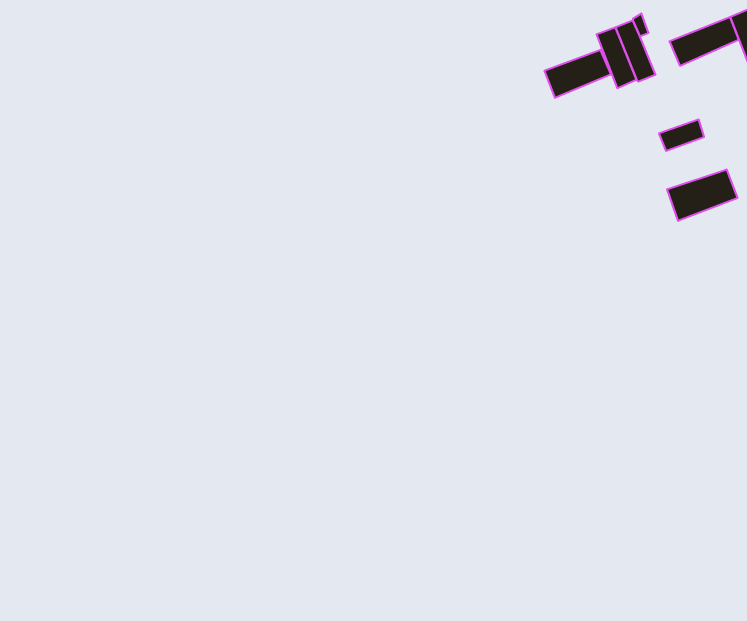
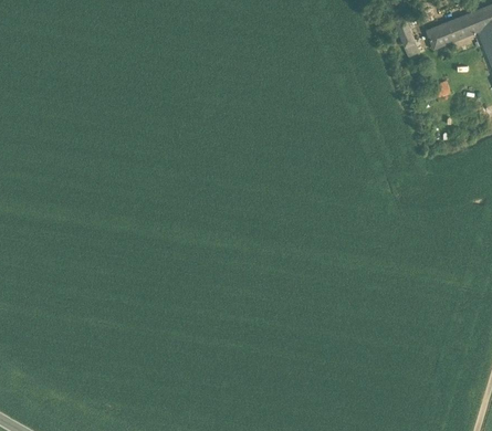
building: [545,50,611,98] -> none
building: [667,169,737,221] -> none

